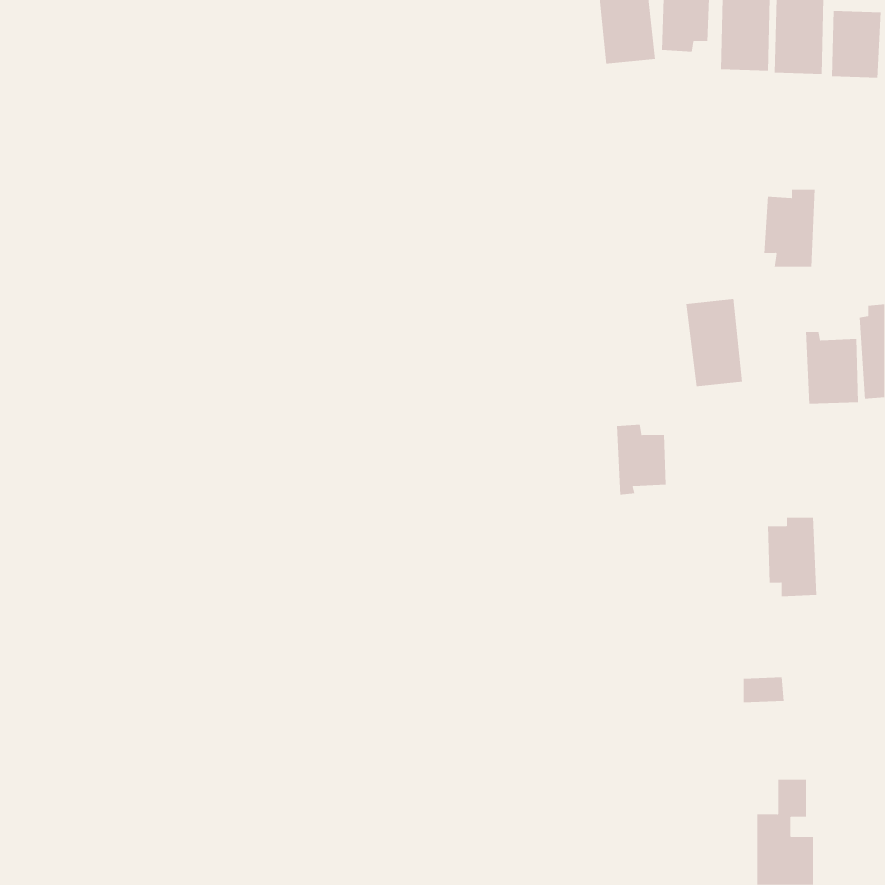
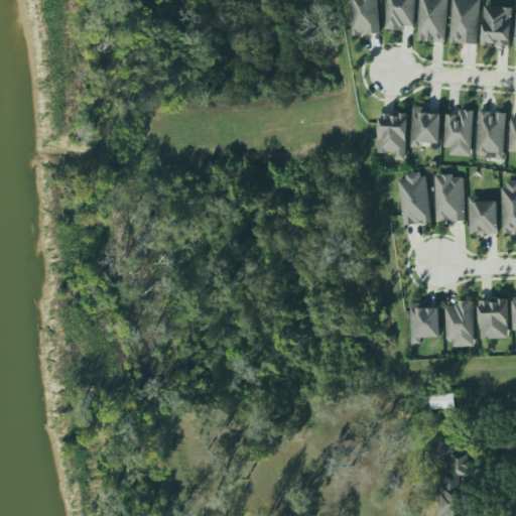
building: none -> [411,106,441,147]
building: none -> [476,111,506,159]
building: none -> [377,113,407,160]
building: none -> [434,173,466,222]
building: [616,424,666,495] -> [410,302,439,344]
building: none -> [479,298,509,339]

